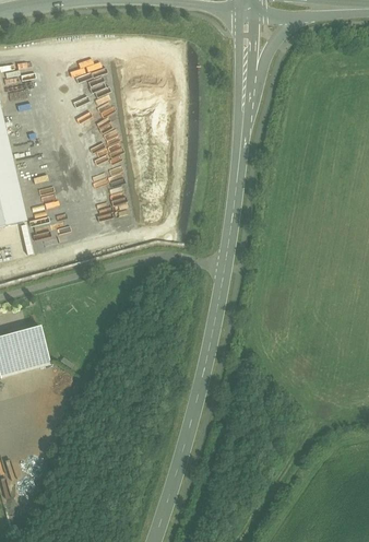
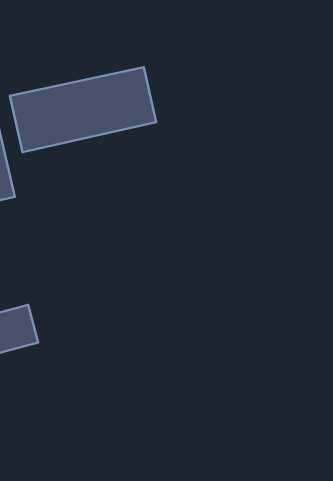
building: none -> [10,67,156,152]

